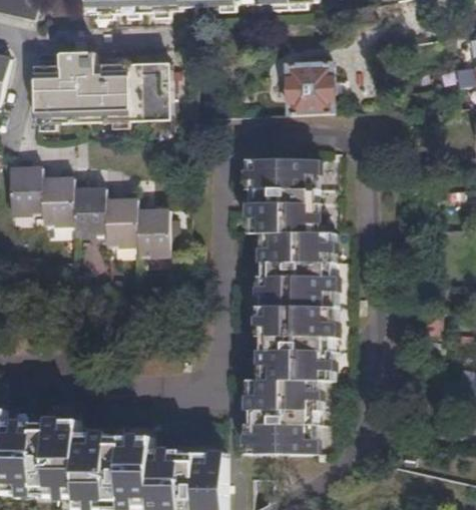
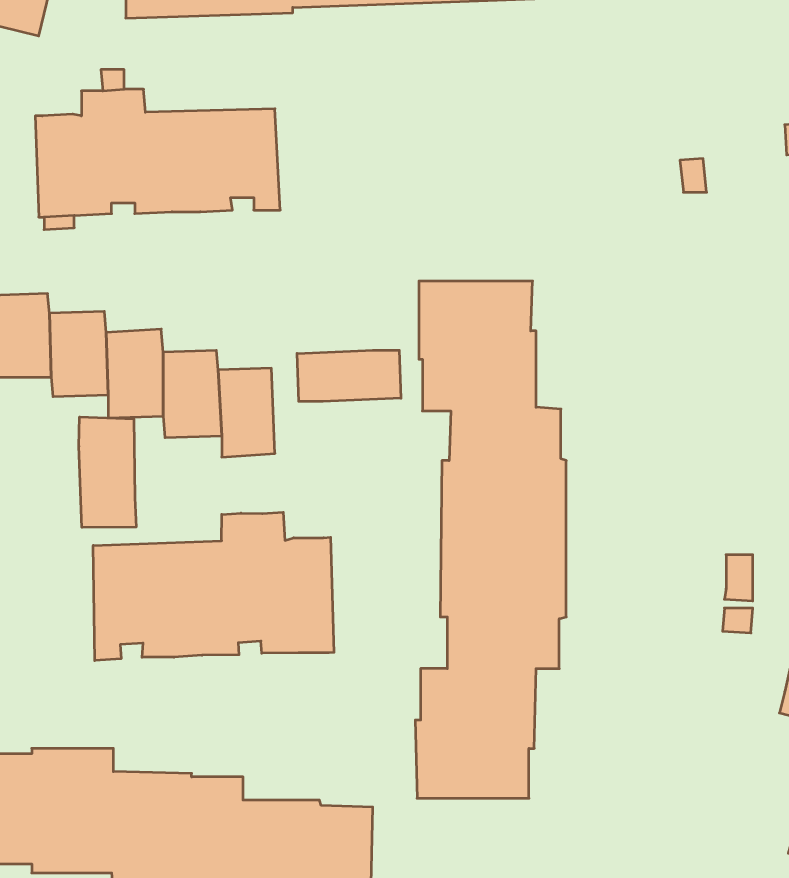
building: [286,62,332,114] -> none
building: none -> [297,350,401,401]
building: none -> [79,417,136,527]
building: none -> [93,512,334,661]

